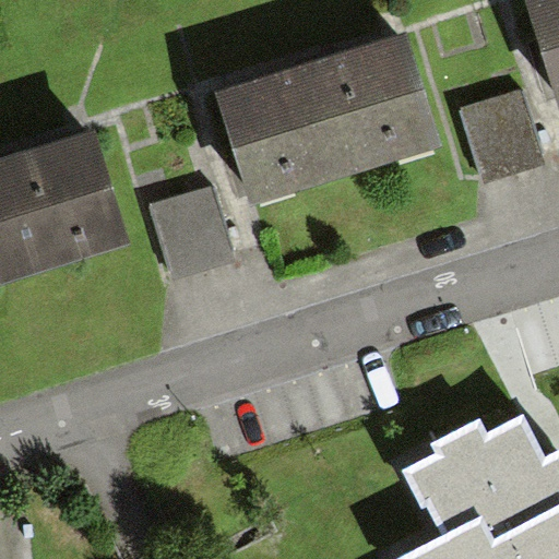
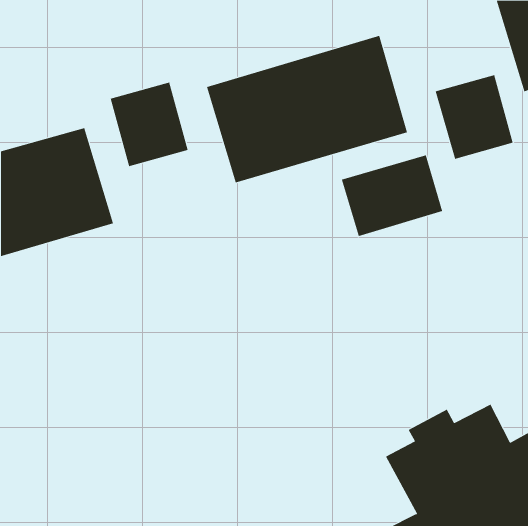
building: none -> [341,155,443,237]
building: [150,179,233,269] -> [110,82,189,167]

